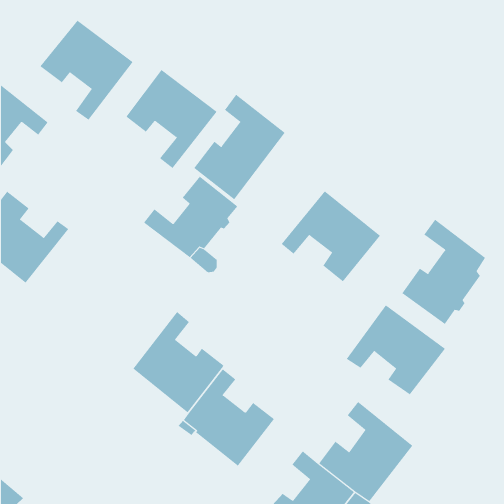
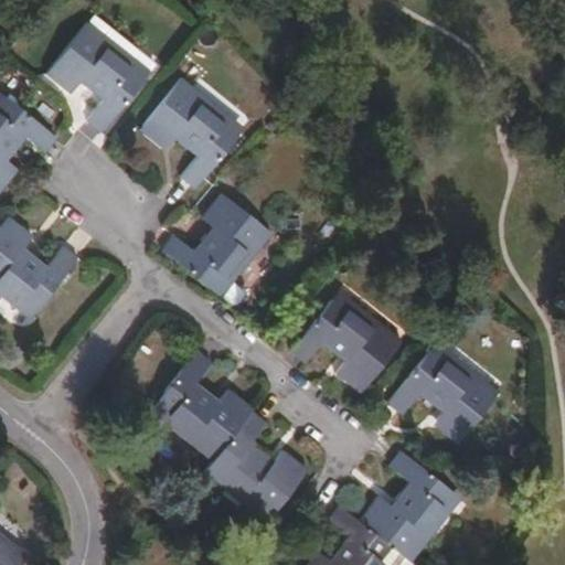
building: [194,94,286,200] -> none
building: [281,190,381,282] -> [290,290,402,393]
building: [402,219,486,325] -> none

